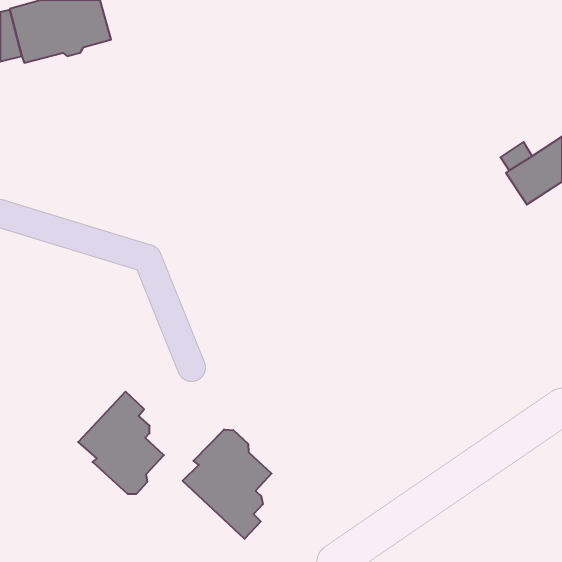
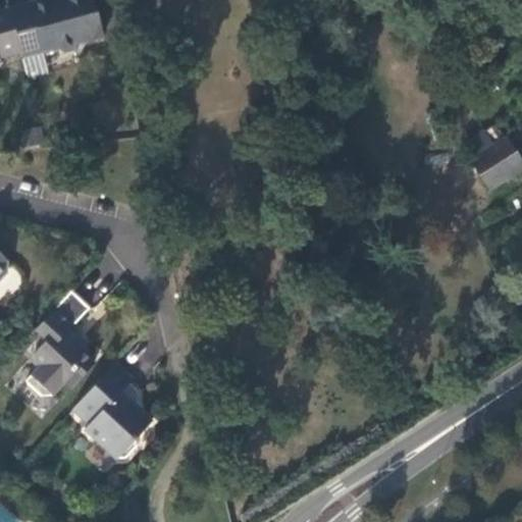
building: none -> [25,292,94,397]
building: [183,429,272,539] -> none

